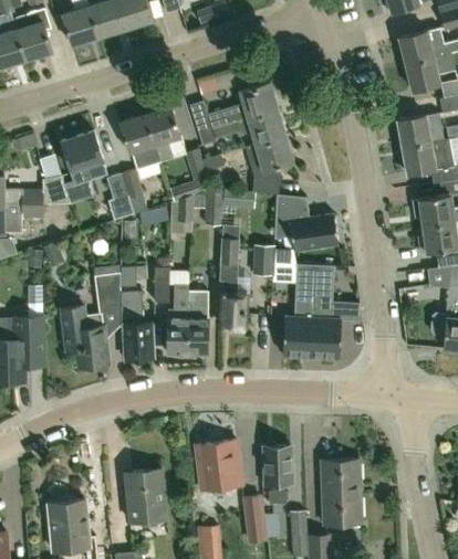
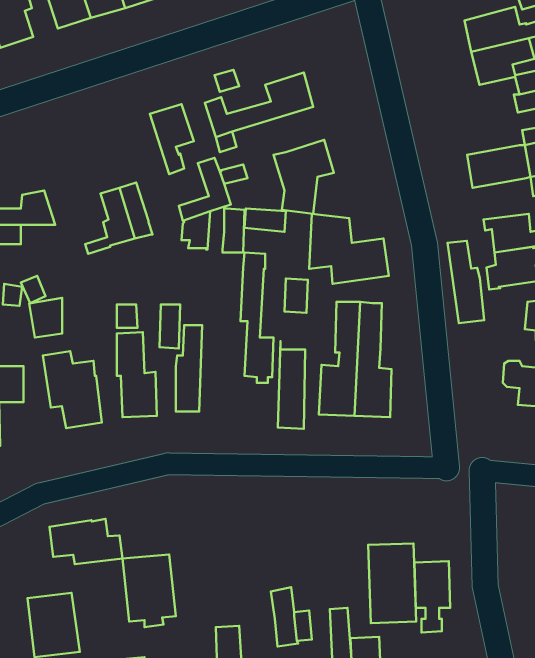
building: [233,108,287,145] -> none
building: [397,113,444,147] -> none
building: [119,114,162,170] -> none
building: [61,130,107,183] -> none
building: none -> [447,241,484,323]
building: [93,272,119,304] -> [29,298,62,338]
building: [186,284,208,355] -> [278,341,305,429]
building: [195,440,242,489] -> none
building: none -> [49,519,122,564]
building: [264,445,293,503] -> [414,561,450,633]

